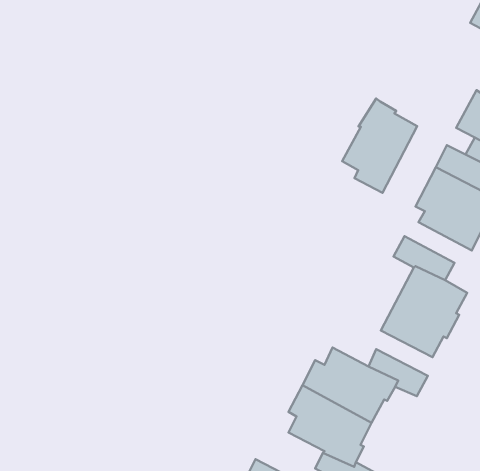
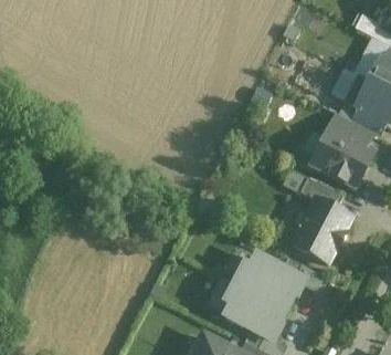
building: [342,99,417,193] -> none

